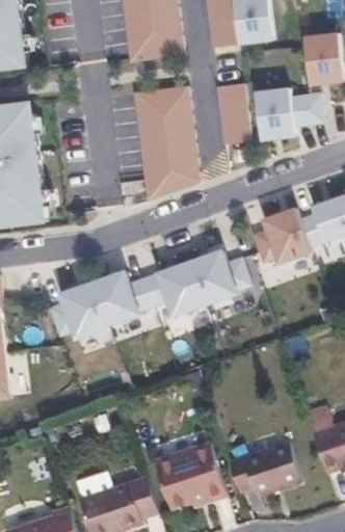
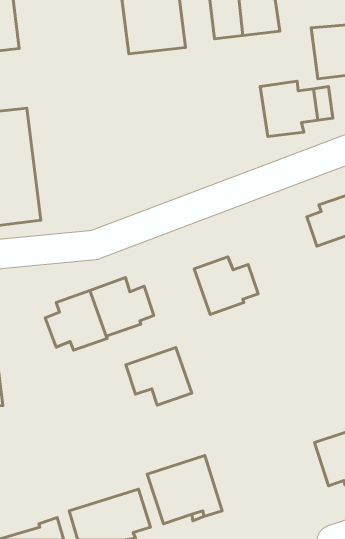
building: [216,78,250,140] -> none
building: [136,84,202,200] -> none
building: [255,205,314,260] -> none
building: [147,266,210,321] -> [126,347,192,405]
building: [223,443,296,498] -> none

